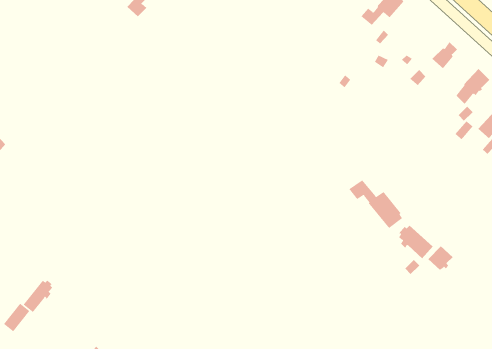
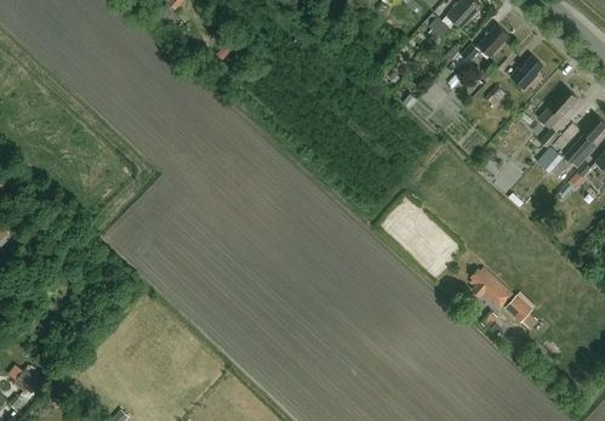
building: none -> [460,25,508,62]
building: [348,180,403,229] -> none
building: [23,279,53,313] -> none

